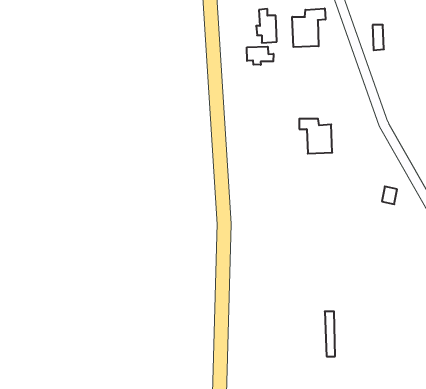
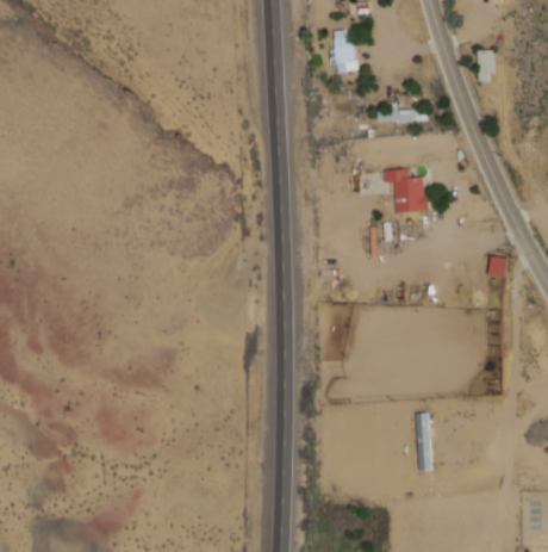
building: [292,8,325,47] -> none
building: [247,47,273,65] -> none

